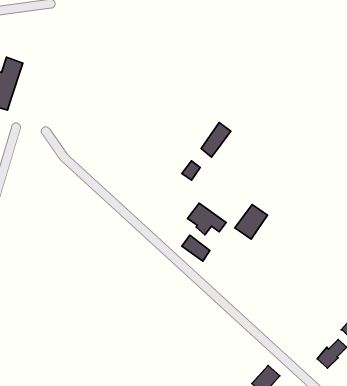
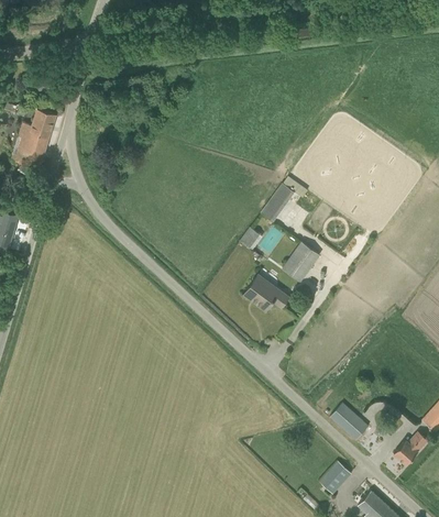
building: [235,205,268,239] -> [282,242,319,282]
building: [182,235,210,261] -> none
building: none -> [330,403,369,440]

